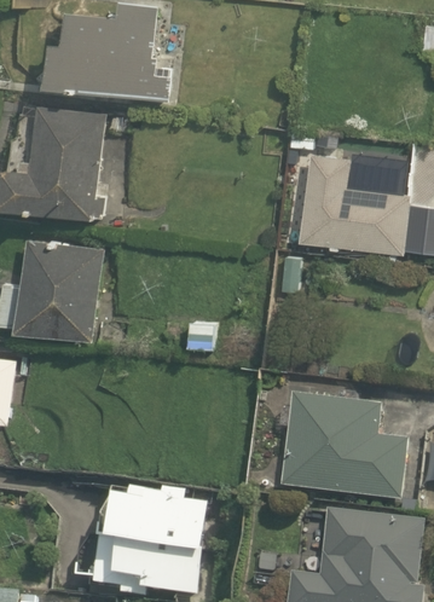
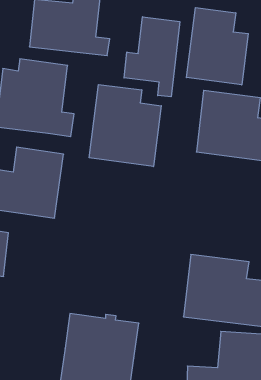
building: none -> [186,8,248,85]
building: none -> [124,17,180,97]
building: none -> [89,85,161,167]

